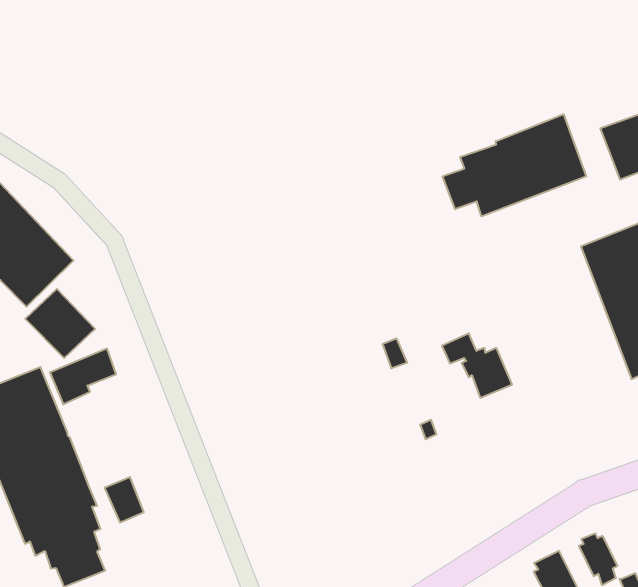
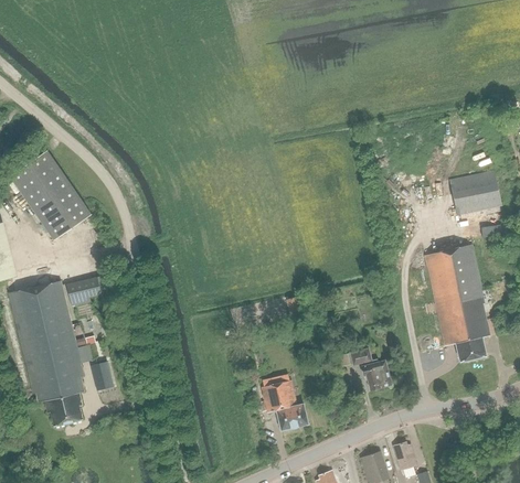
building: [443,114,586,216] -> none
building: [25,289,95,358] -> none
building: [442,333,512,398] -> [350,347,392,390]
building: none -> [262,380,308,431]

